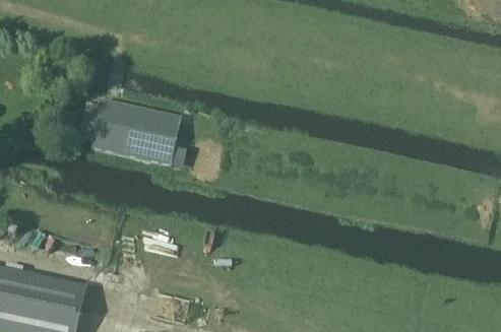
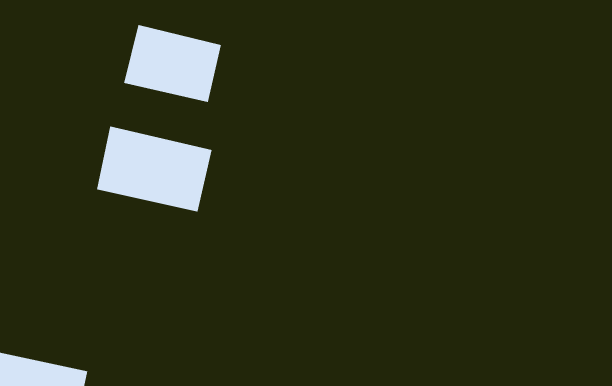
building: none -> [123,24,221,103]

